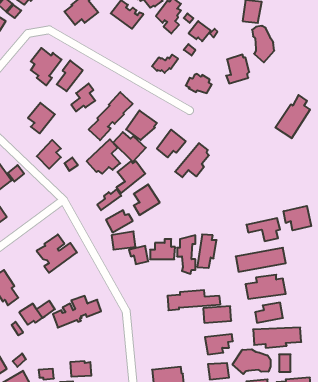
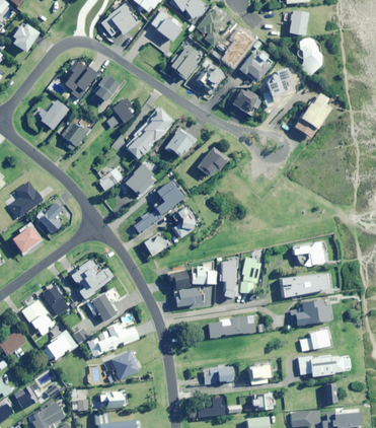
building: none -> [169,45,198,79]
building: none -> [237,51,270,81]
building: none -> [42,100,69,130]
building: [275,95,310,138] -> [294,92,330,138]
building: [113,132,146,162] -> none
building: [37,140,61,169] -> [39,203,64,233]
building: [175,143,209,177] -> none
building: [284,206,311,230] -> none
building: [112,231,136,250] -> [175,287,201,306]
building: none -> [44,285,72,316]
building: none -> [87,287,122,322]
building: [203,306,231,323] -> [205,367,234,384]
building: none -> [110,350,139,379]
building: [233,349,271,374] -> none

